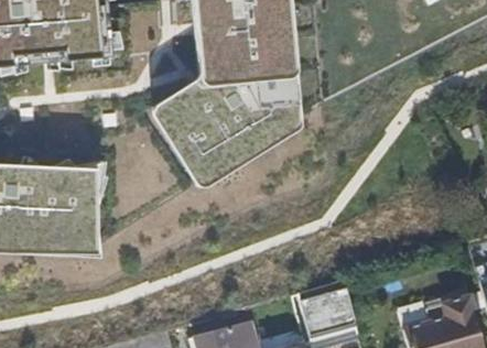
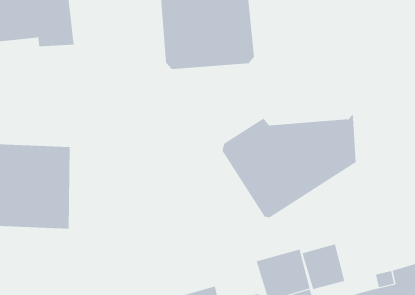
building: [154,75,299,187] -> [222,113,356,218]
building: none -> [302,244,345,290]

